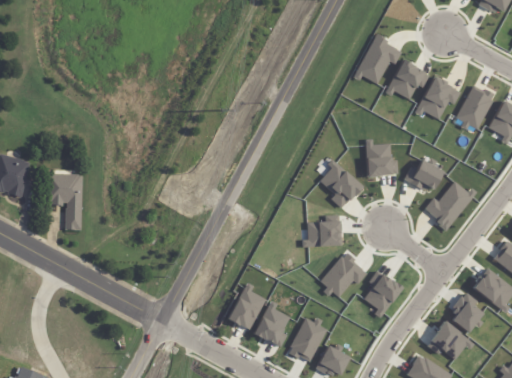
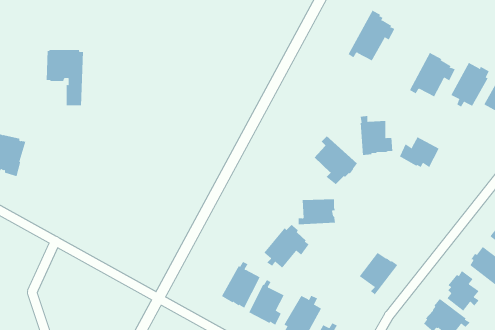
building: [384,59,428,100] -> none
building: [48,175,86,231] -> [46,49,84,106]
building: [424,181,476,231] -> none
building: [319,253,365,297] -> [263,224,310,268]

